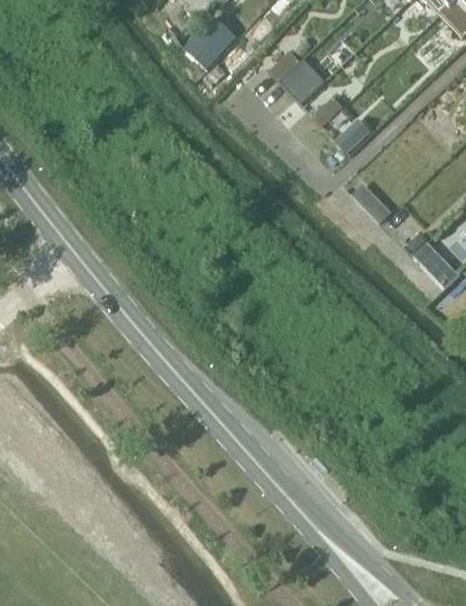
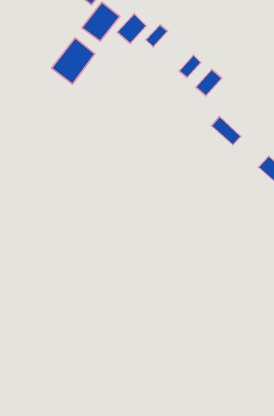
building: [278,56,319,96] -> [117,14,146,43]
building: none -> [52,38,95,84]

